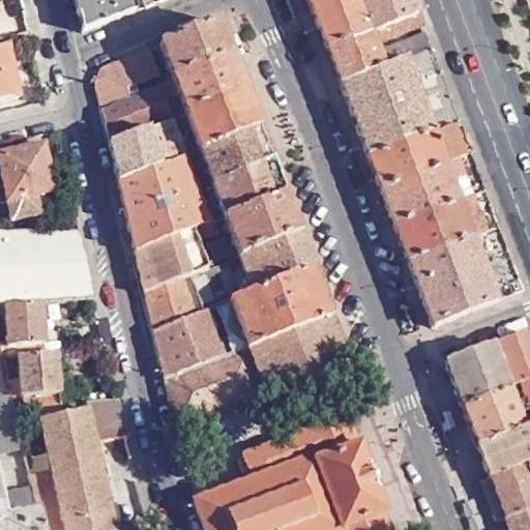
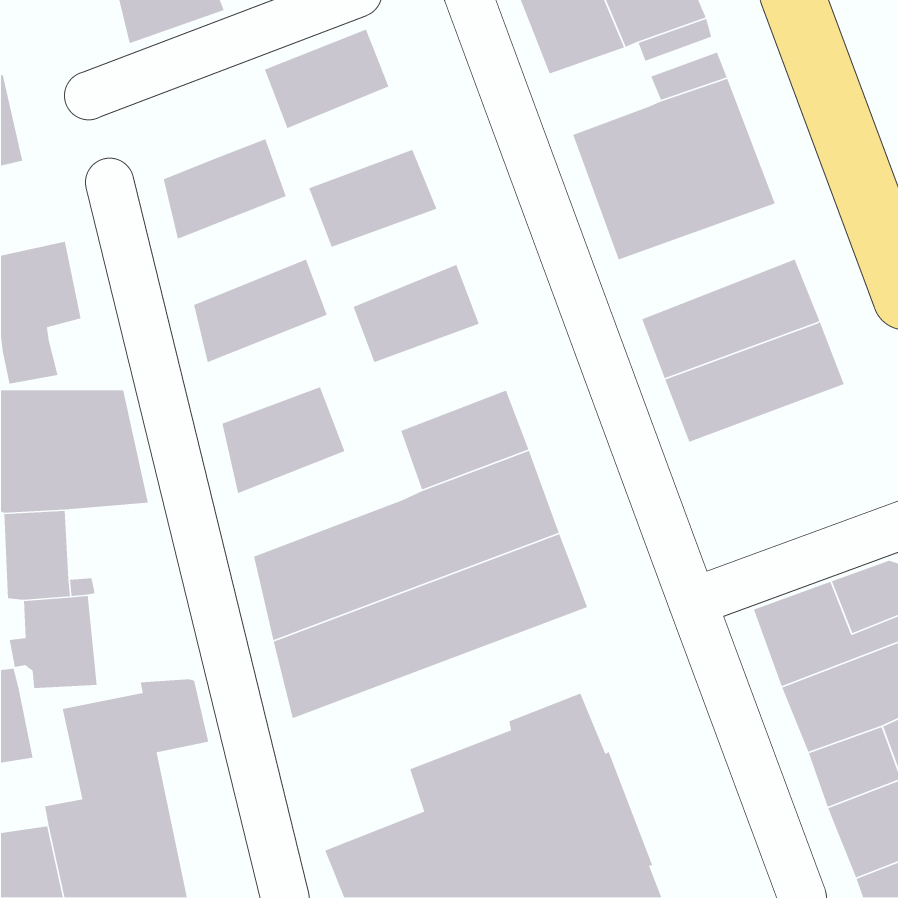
building: [325,28,383,79] -> none
building: [91,45,157,105] -> none
building: [172,51,245,110] -> none
building: [108,115,185,178] -> none
building: [365,119,469,186] -> none
building: [198,122,271,179] -> none
building: [125,184,208,247] -> none
building: [223,189,300,252] -> none
building: [407,225,522,322] -> none
building: [143,256,239,325] -> none

